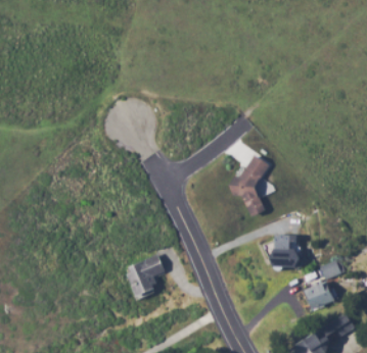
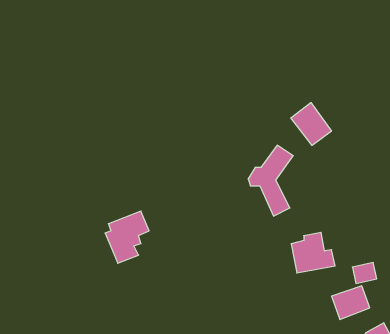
building: none -> [291,103,331,145]
building: [126,254,165,300] -> [105,211,149,263]

